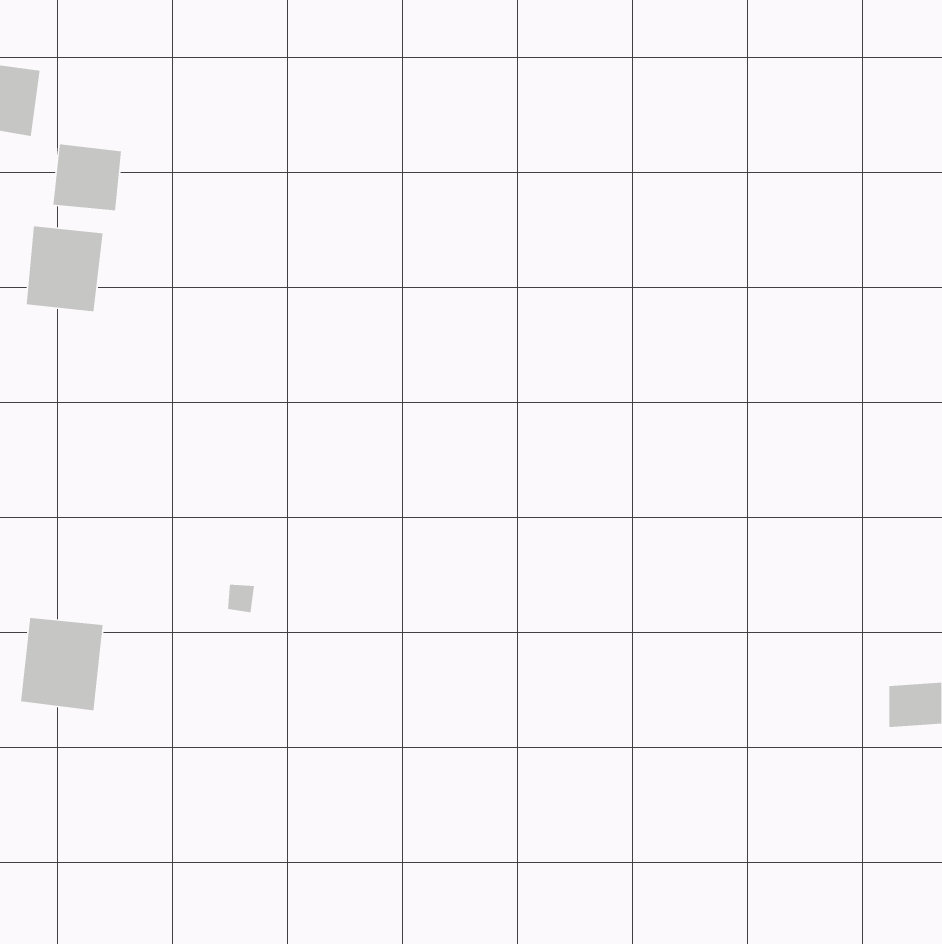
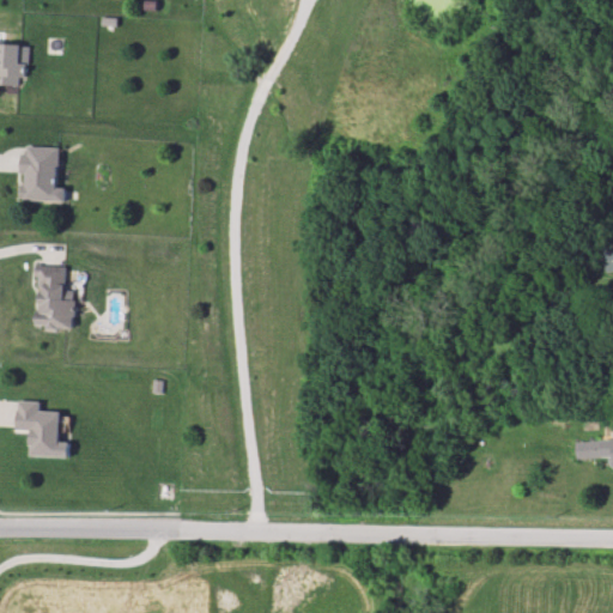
building: [53,143,122,211] -> none
building: none -> [31,262,79,329]

